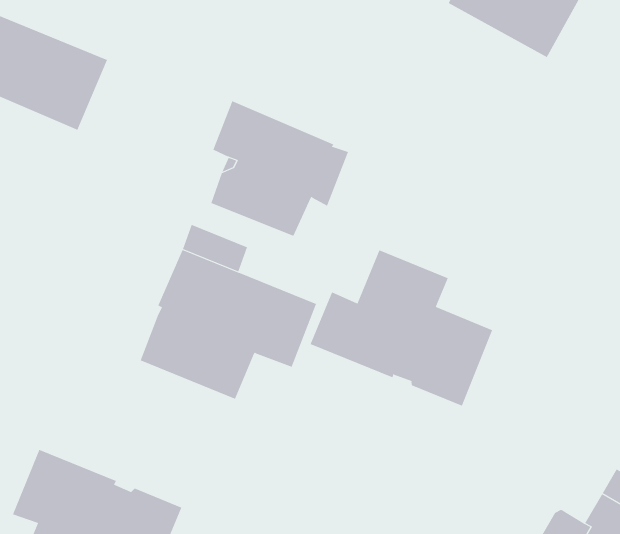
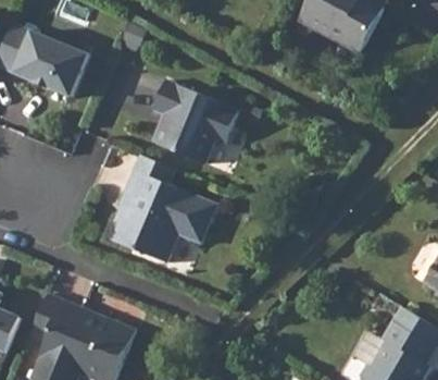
building: [310,250,493,407] -> none

